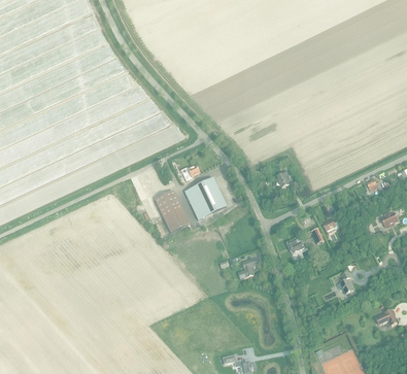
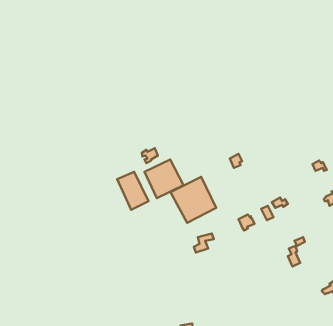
building: none -> [171,177,216,223]

